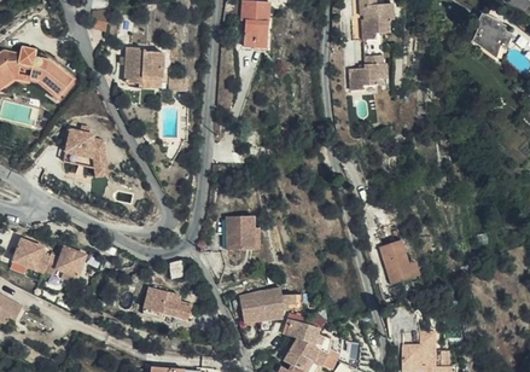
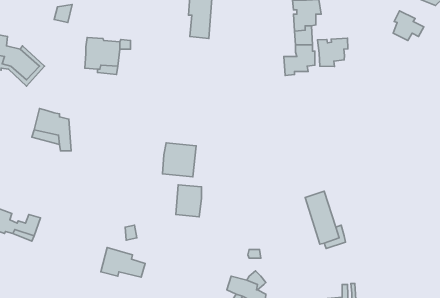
building: none -> [318,38,348,66]
building: none -> [163,143,196,177]
building: [240,286,301,319] -> none

